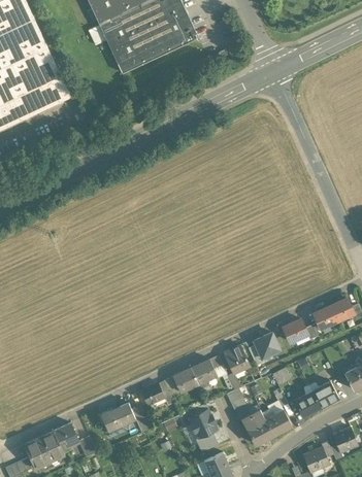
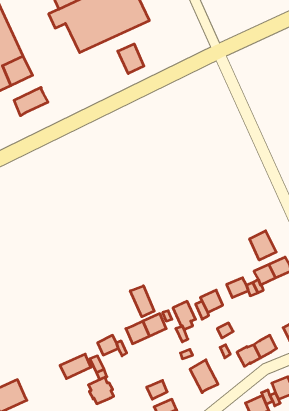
building: none -> [118,44,144,74]
building: none -> [14,87,48,116]
building: none -> [250,231,276,260]
building: none -> [130,286,154,317]
building: [189,409,217,438] -> [88,377,114,404]
building: [262,410,291,436] -> none
building: [54,422,78,451] -> none

